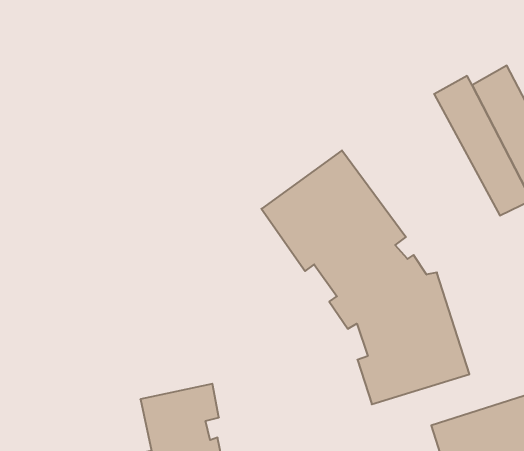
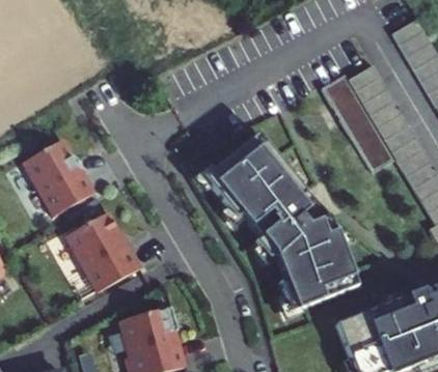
building: none -> [22,141,95,217]
building: none -> [66,212,142,292]

